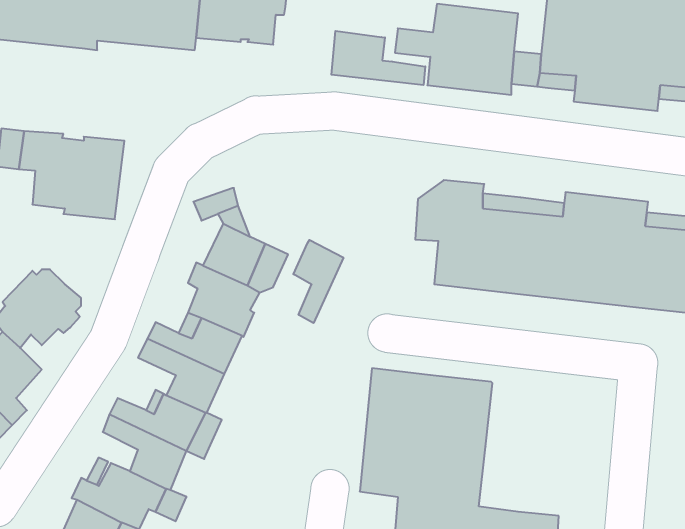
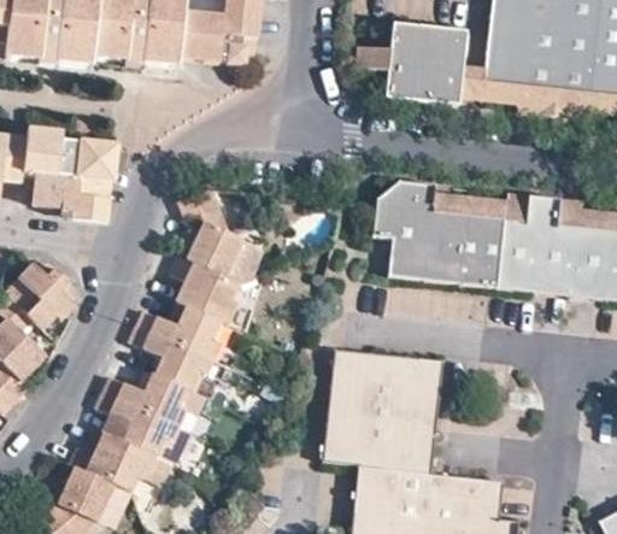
building: [331,31,425,85] -> none
building: [293,240,343,323] -> none

